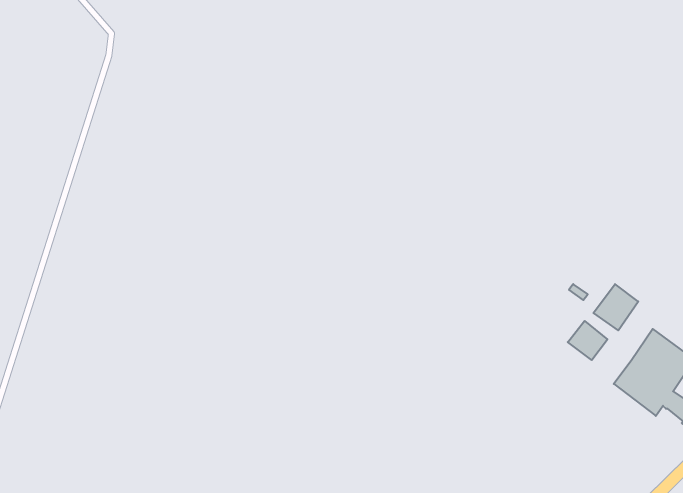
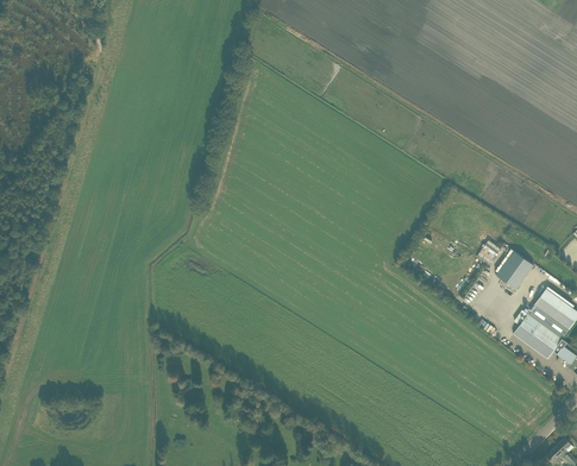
building: [568,321,607,360] -> none

